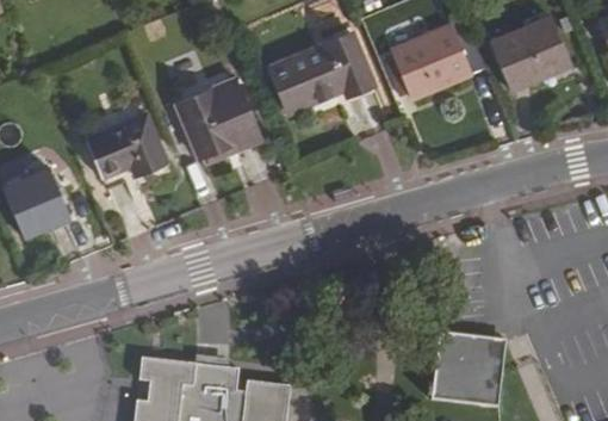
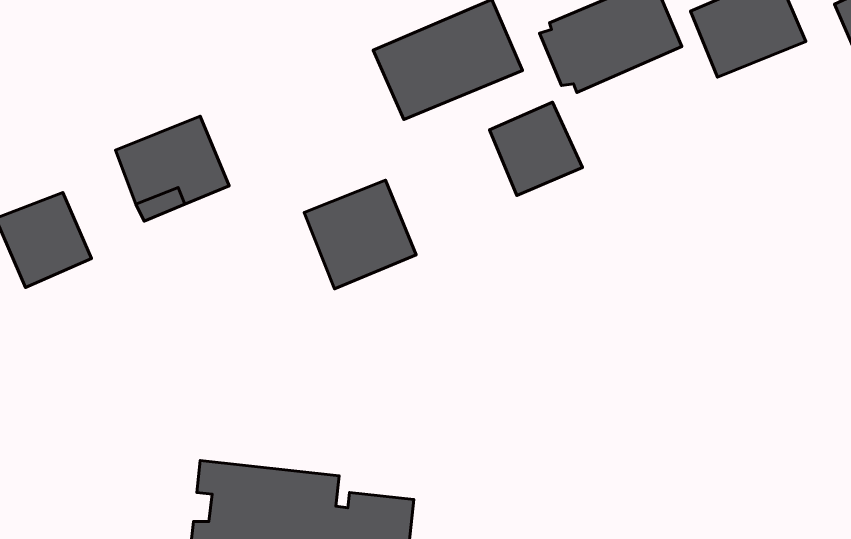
building: [176,82,255,159] -> [304,180,416,289]
building: none -> [489,102,582,195]
building: [436,332,510,405] -> none

